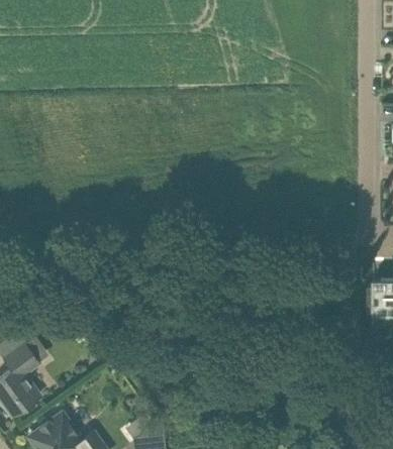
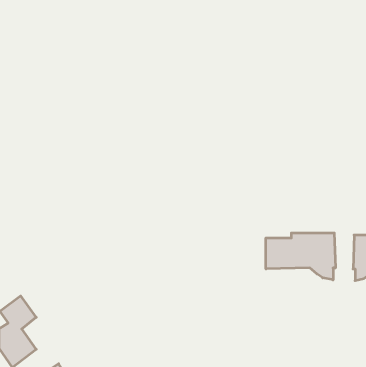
building: none -> [266,233,335,280]

